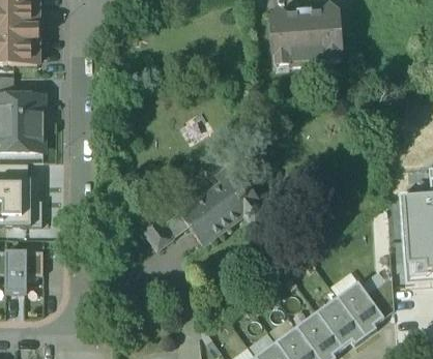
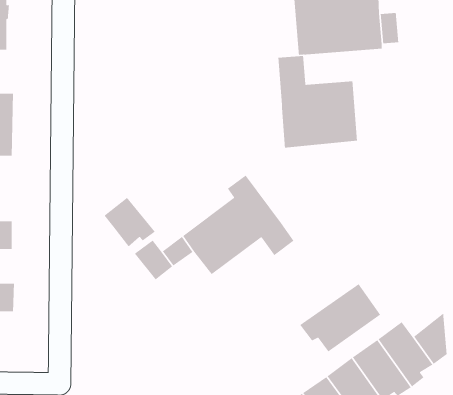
building: none -> [277,55,358,148]
building: none -> [104,197,156,248]
building: none -> [299,283,381,352]

